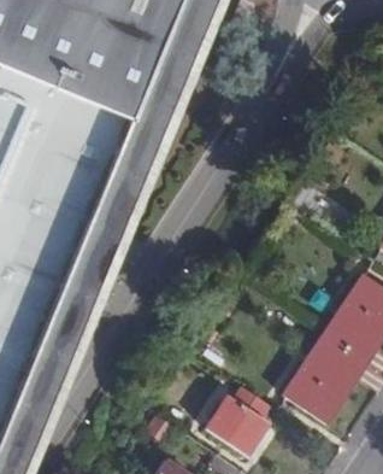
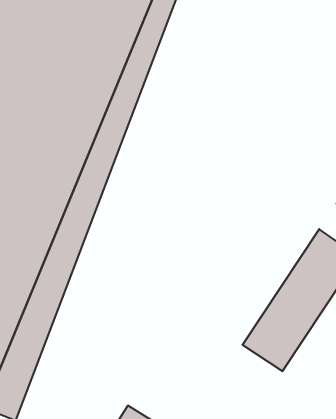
building: [199,393,260,453] -> none

